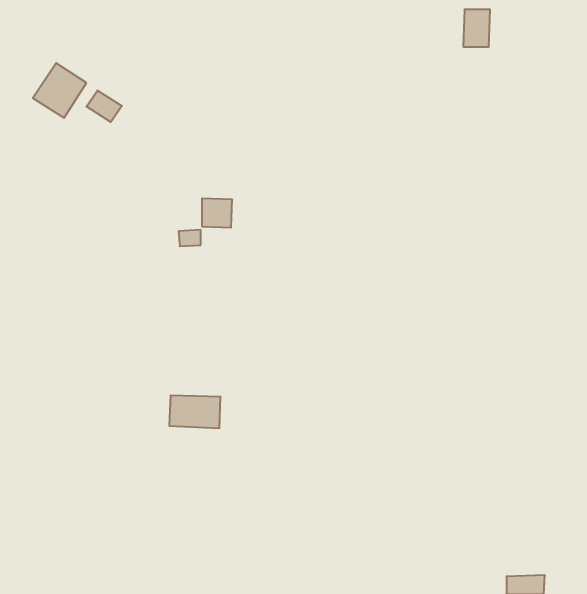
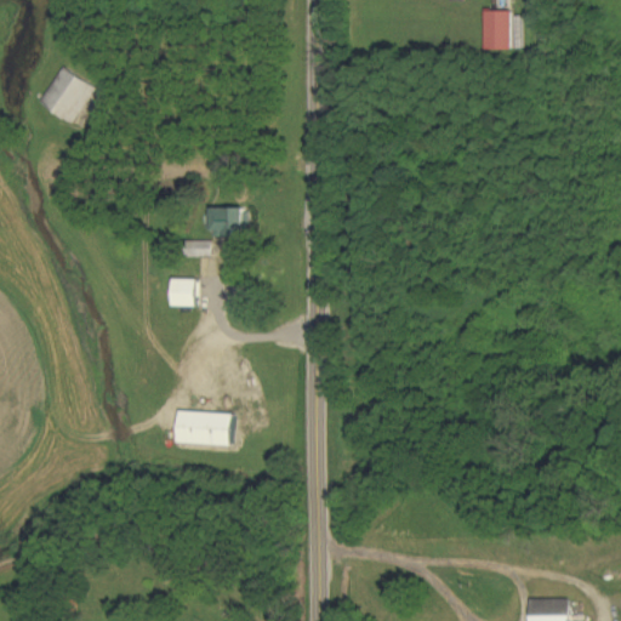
building: [86,90,122,122] -> none
building: none -> [171,278,194,306]

